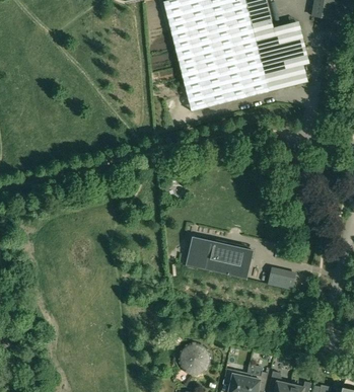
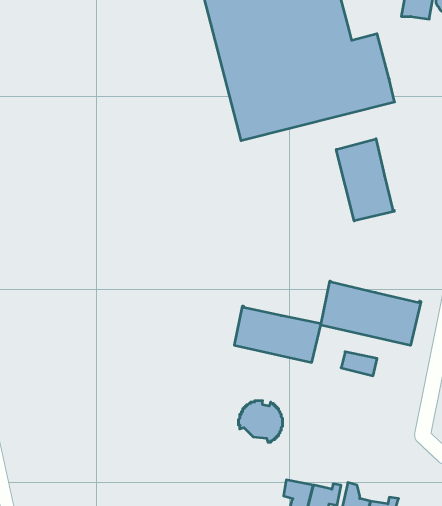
building: none -> [336,139,394,221]
building: none -> [321,281,421,345]
building: [178,342,211,374] -> [238,401,283,442]

